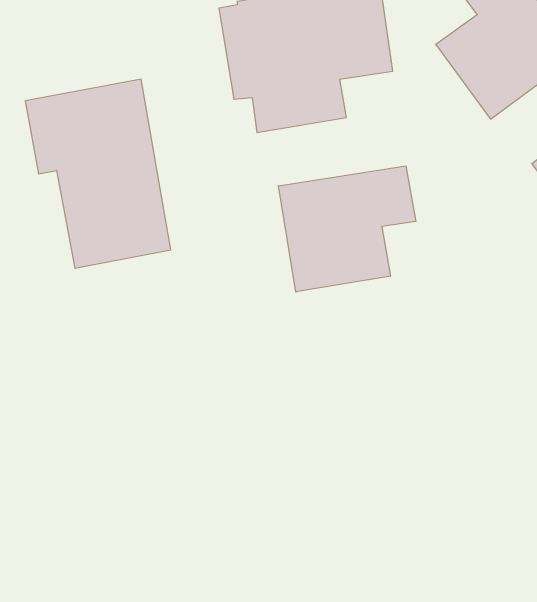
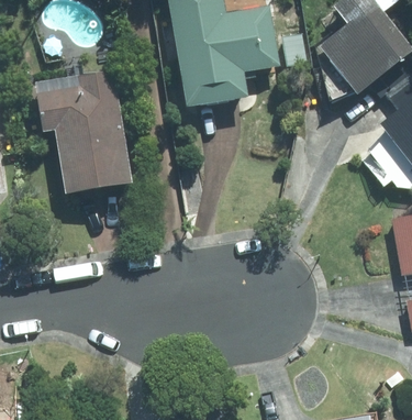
building: [278,166,416,292] -> none

